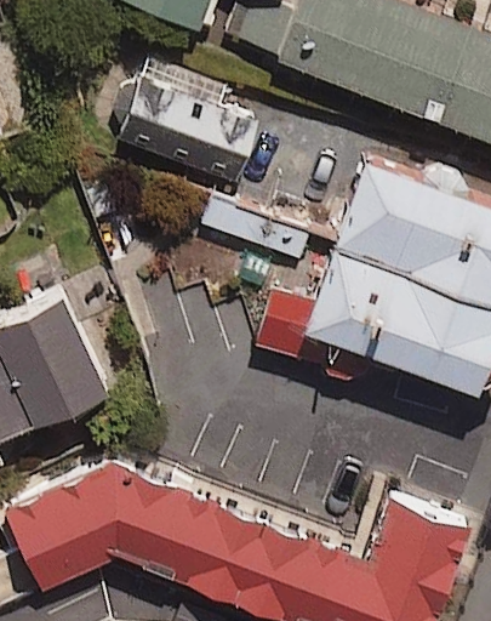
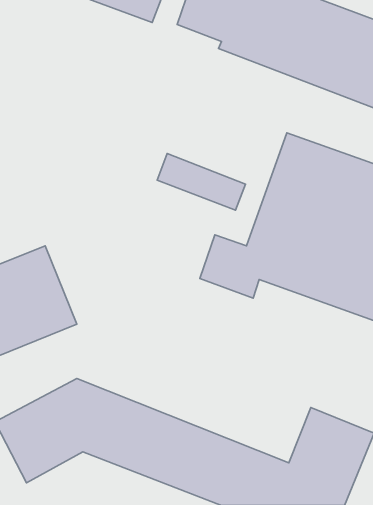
building: [122,56,261,181] -> none

